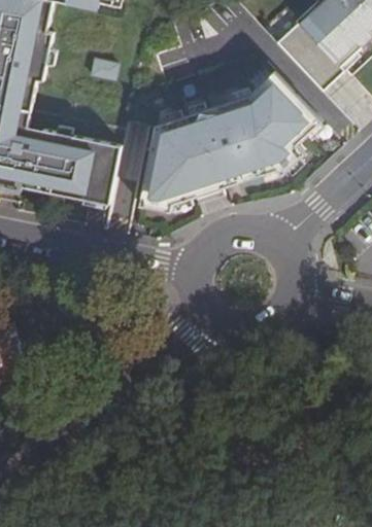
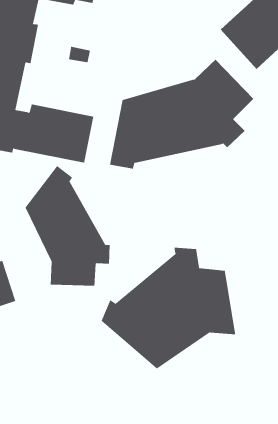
building: none -> [25,165,110,287]
building: none -> [101,247,236,370]

